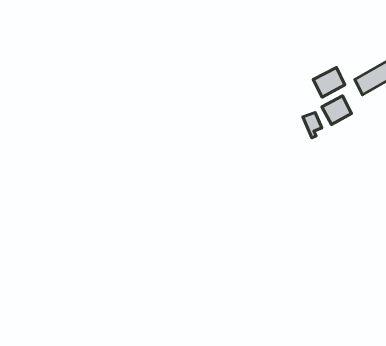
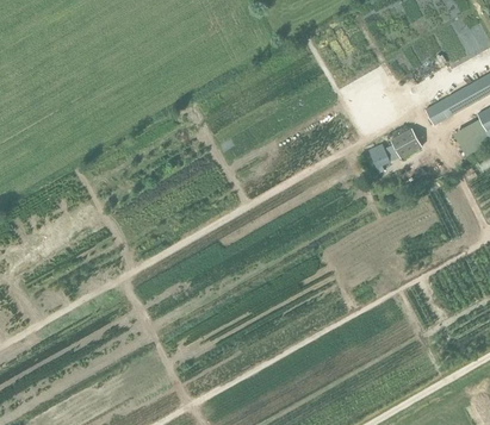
building: [313,68,345,97] -> none

